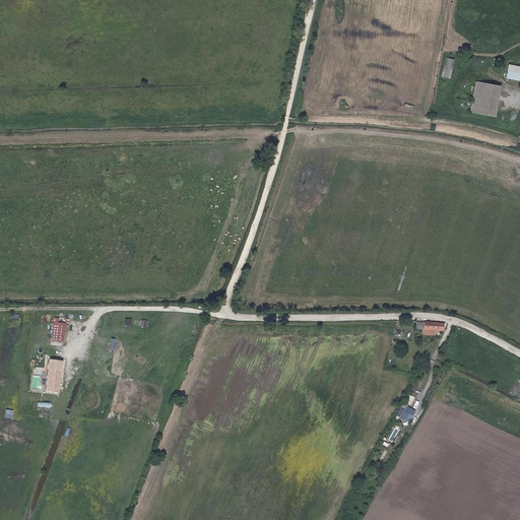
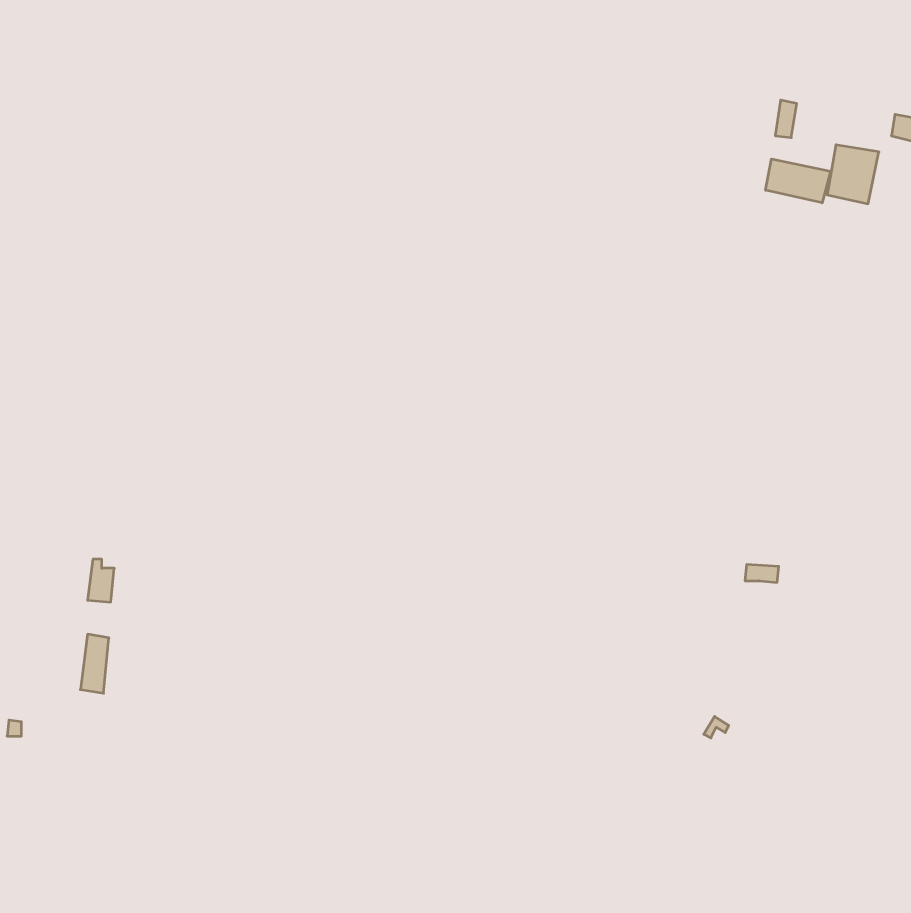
building: none -> [766,159,831,203]

